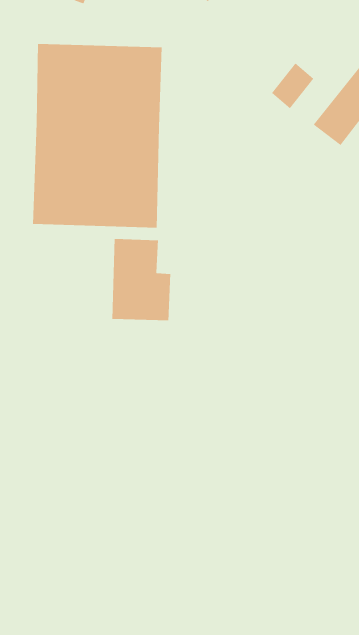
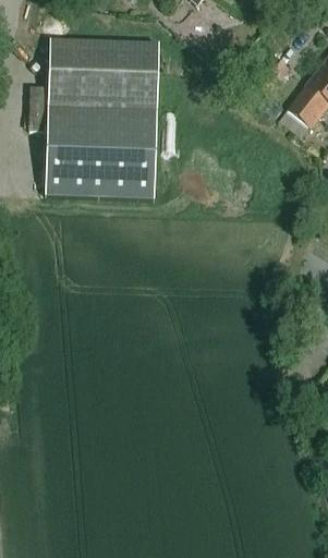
building: [112,238,171,321] -> none

